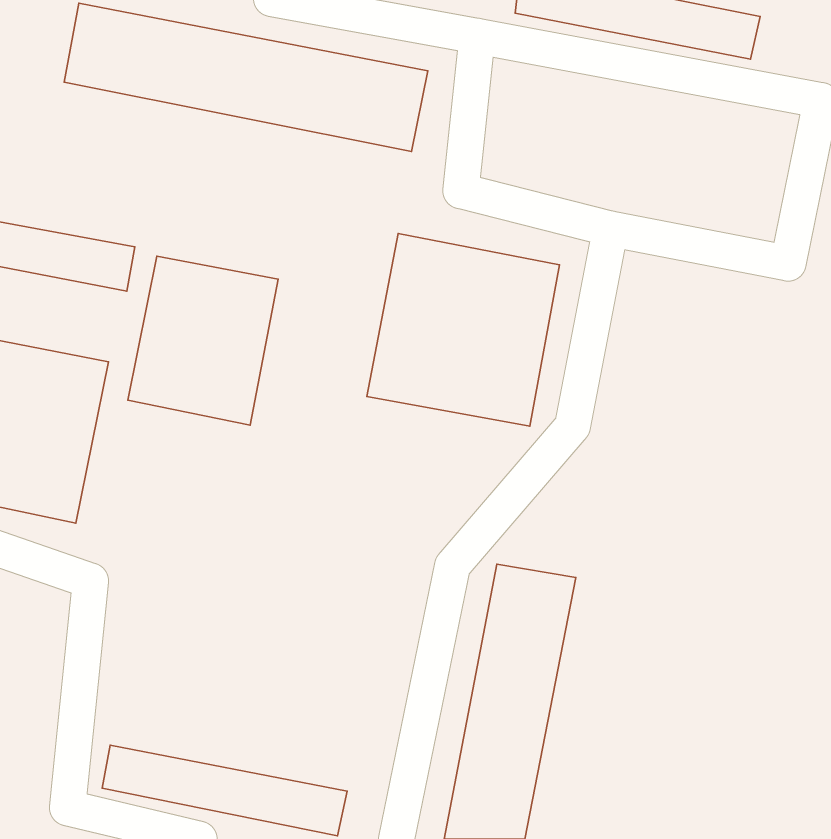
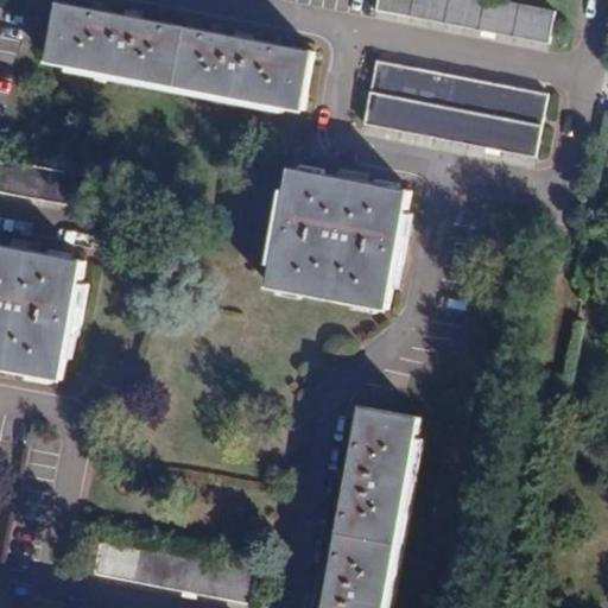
building: none -> [360,61,543,157]
building: [128,256,278,425] -> none

